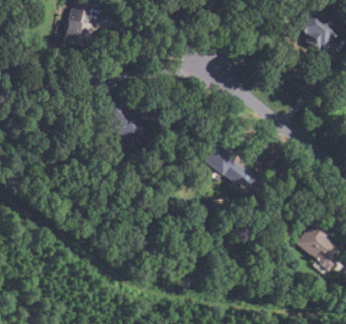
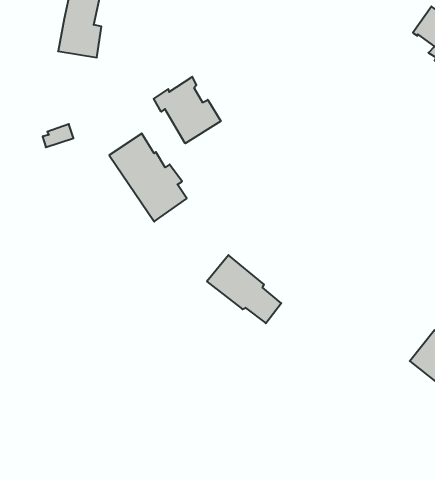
building: none -> [154,77,221,143]
building: [198,140,247,184] -> [207,255,281,323]

